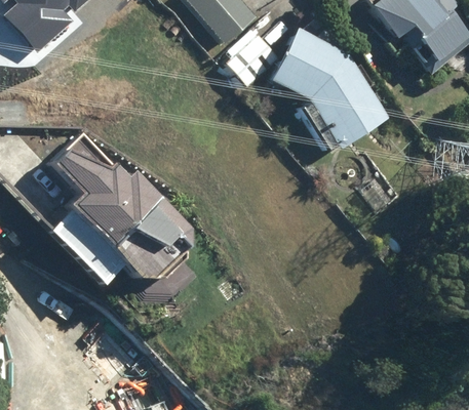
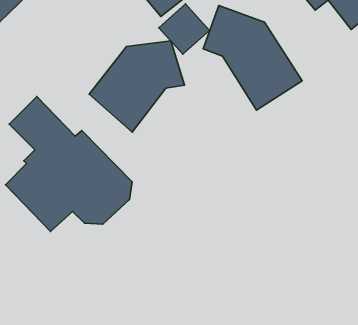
building: none -> [89,41,185,132]

